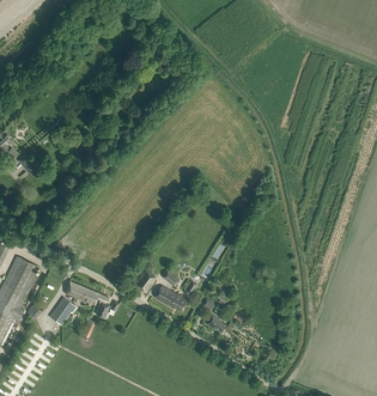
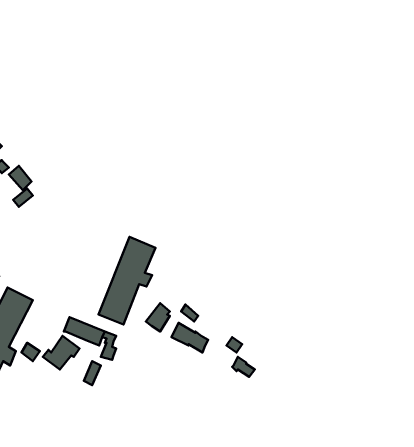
building: none -> [98,237,155,324]

